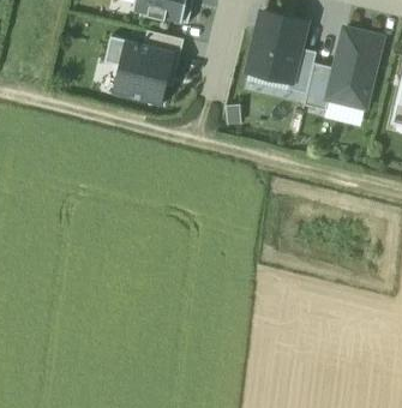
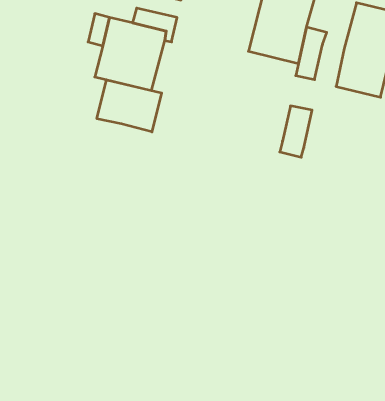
building: [304,64,332,109] -> [280,106,312,157]
building: none -> [97,80,162,132]

